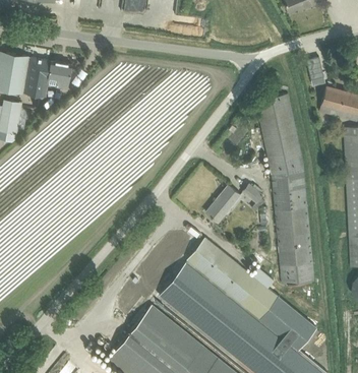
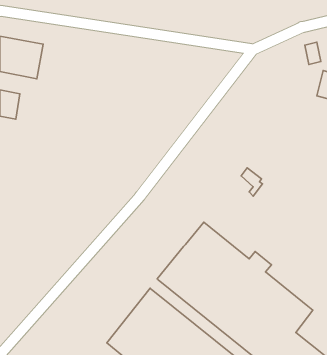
building: [38,60,72,97] -> none
building: [257,94,314,285] -> none
building: [205,186,241,223] -> none

